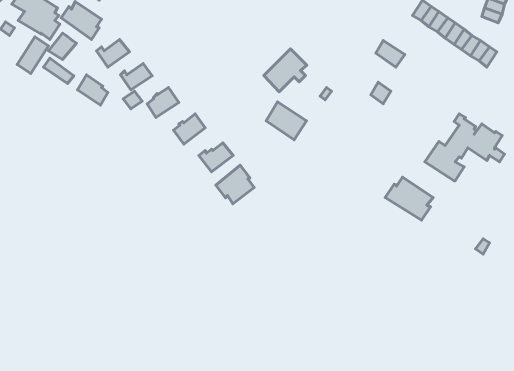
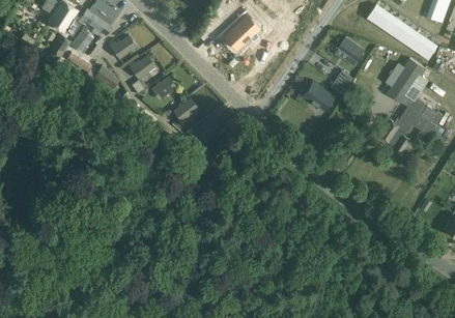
building: [264,49,307,92] -> [223,17,258,52]
building: none -> [387,59,426,104]
building: [266,102,307,140] -> [303,81,336,112]
building: [216,165,254,204] -> none
building: [385,177,433,220] -> none

